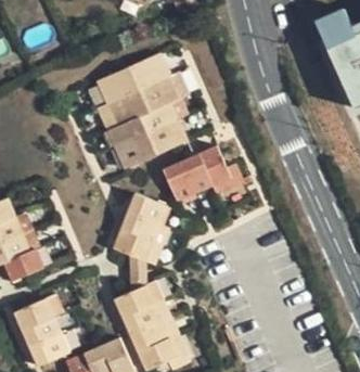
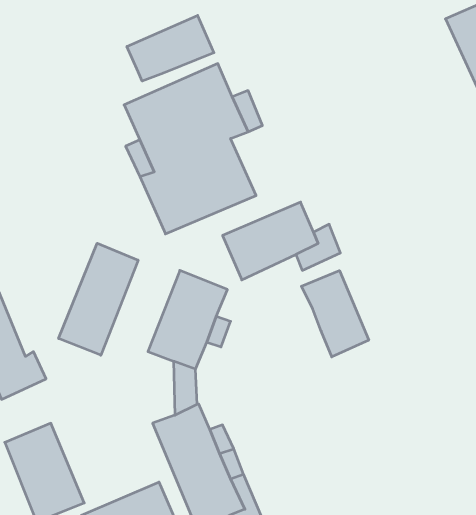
building: none -> [127,15,214,81]
building: none -> [59,243,138,355]
building: none -> [301,271,369,357]

